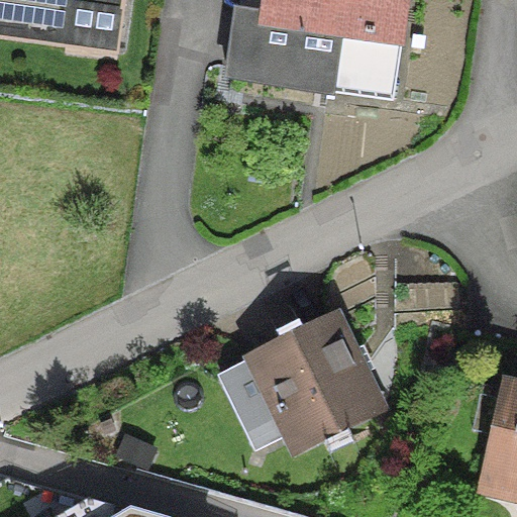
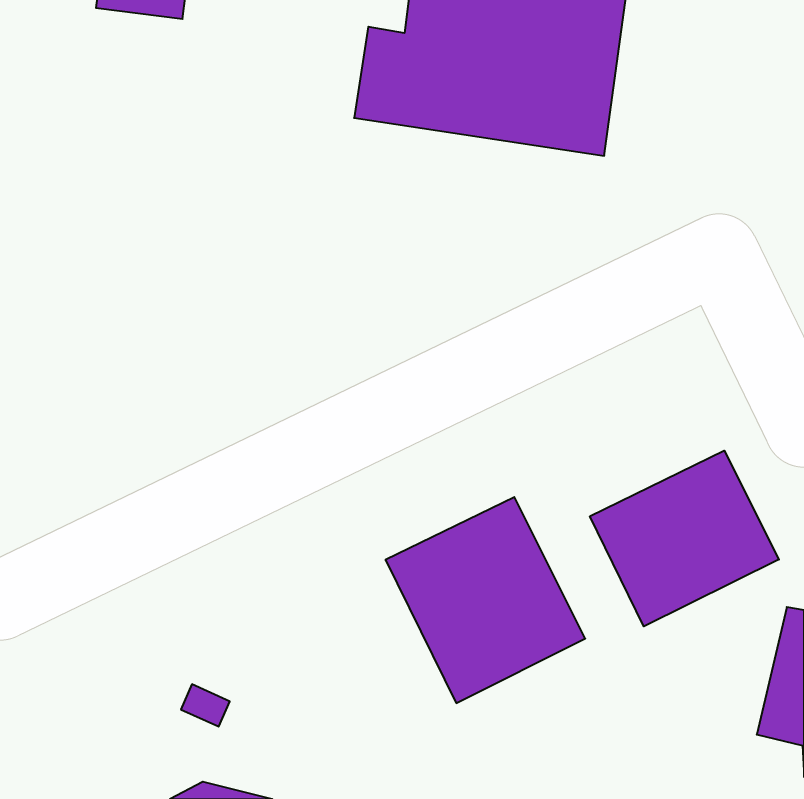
building: none -> [590,451,779,626]

